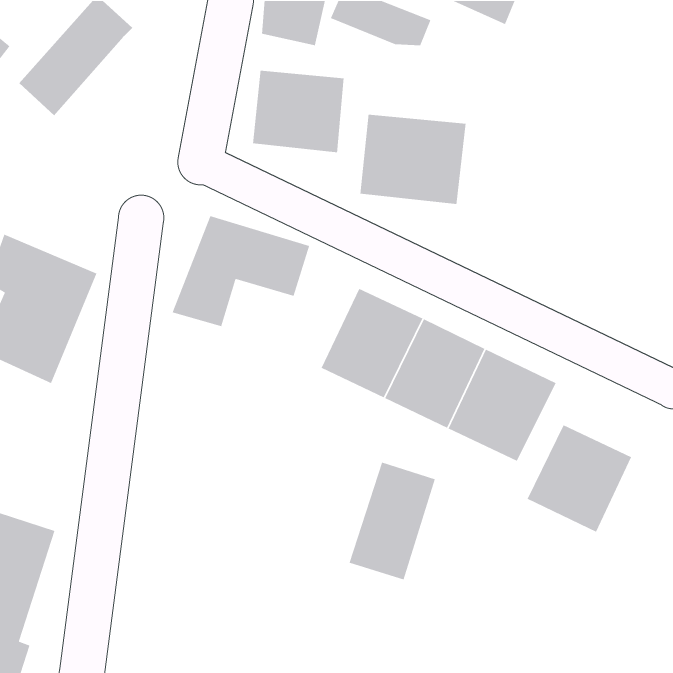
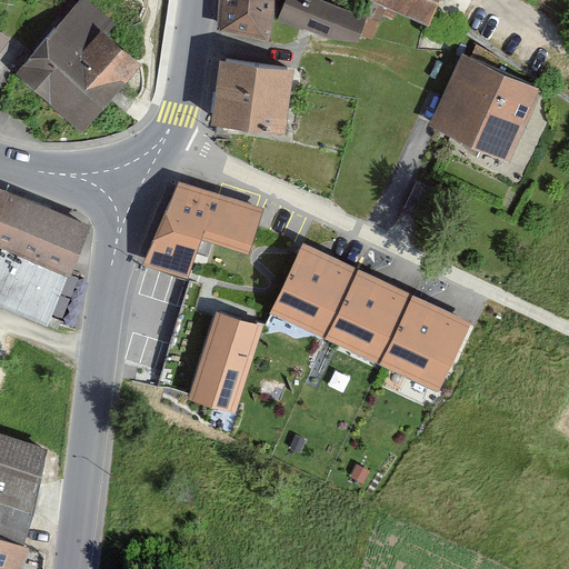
building: none -> [46,32,138,128]
building: none -> [430,54,539,159]
building: [359,114,466,205] -> none
building: [527,424,632,533] -> none
building: [349,462,436,580] -> [189,312,262,412]

